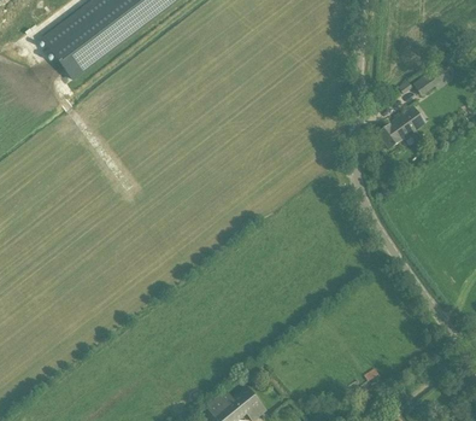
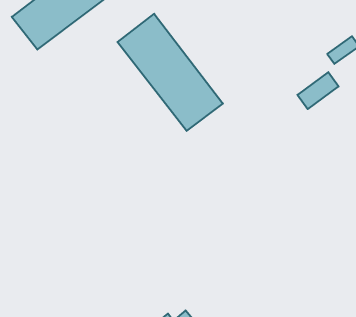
building: none -> [117,14,223,131]

